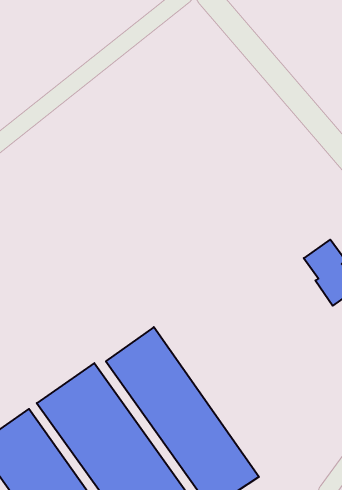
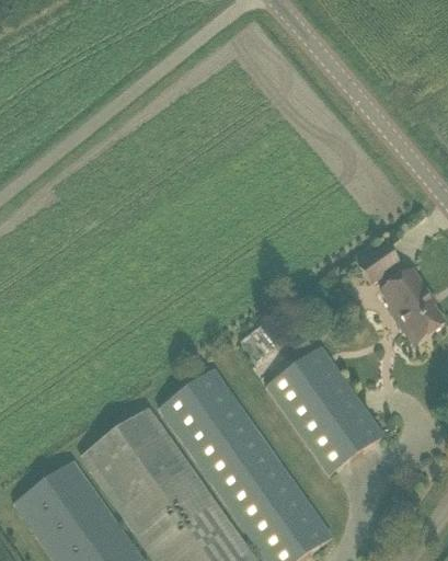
building: none -> [359,248,398,283]
building: none -> [266,347,383,474]

